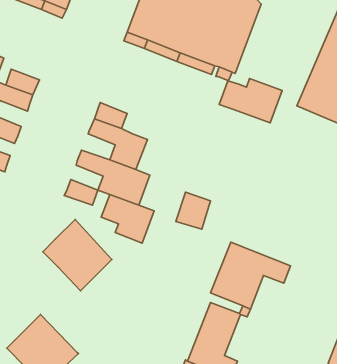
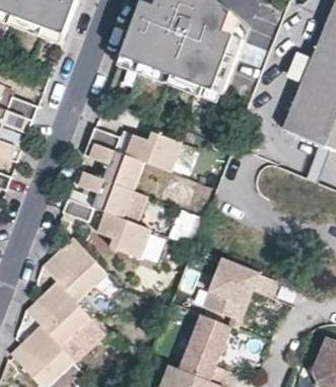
building: [219,79,282,123] -> [127,131,186,172]
building: none -> [25,280,106,360]

